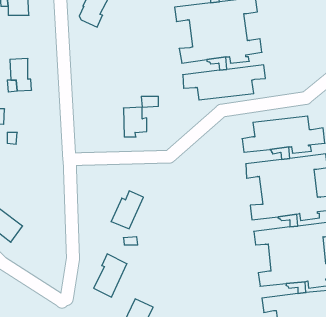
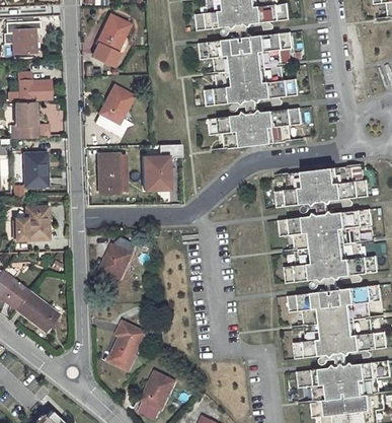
building: none -> [8,70,51,100]
building: none -> [95,84,133,135]
building: none -> [23,151,47,185]
building: none -> [99,153,120,192]
building: none -> [14,205,49,238]
building: [111,191,143,229] -> [100,235,137,278]
building: none -> [15,289,60,331]

